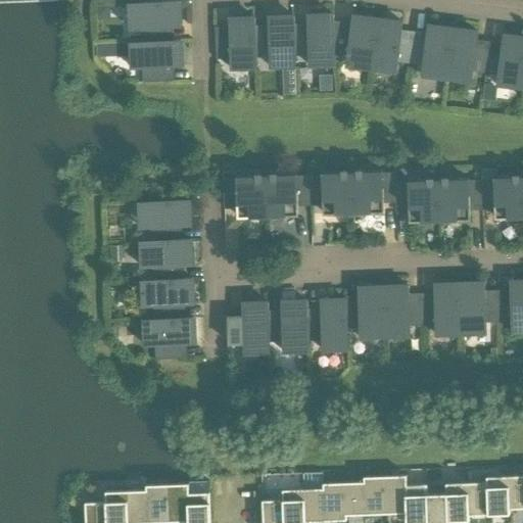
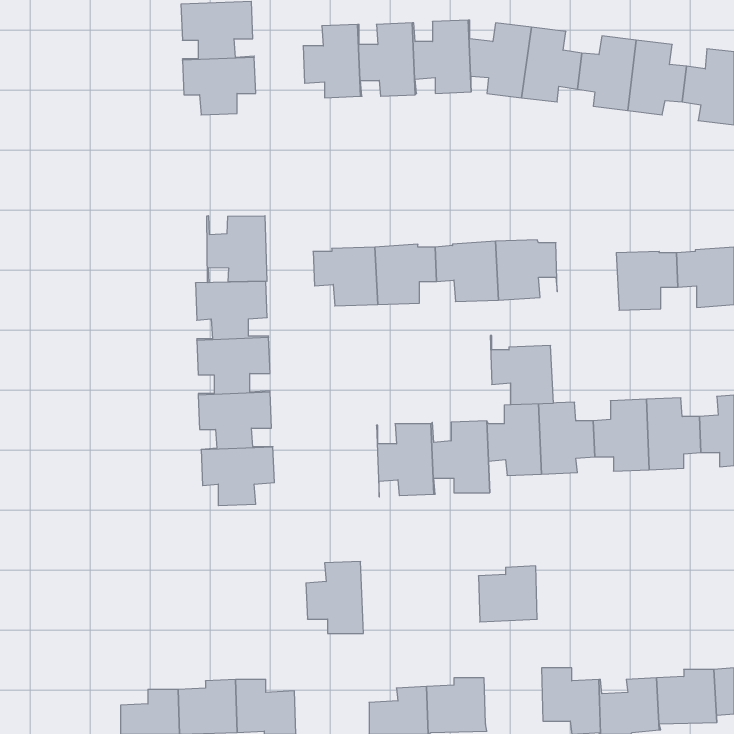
building: none -> [207,216,267,283]
building: [395,173,440,222] -> [490,336,553,404]
building: [229,302,270,353] -> [306,562,363,633]
building: [344,475,386,515] -> [478,566,537,622]

